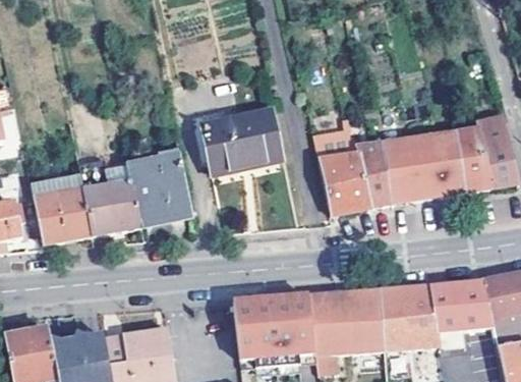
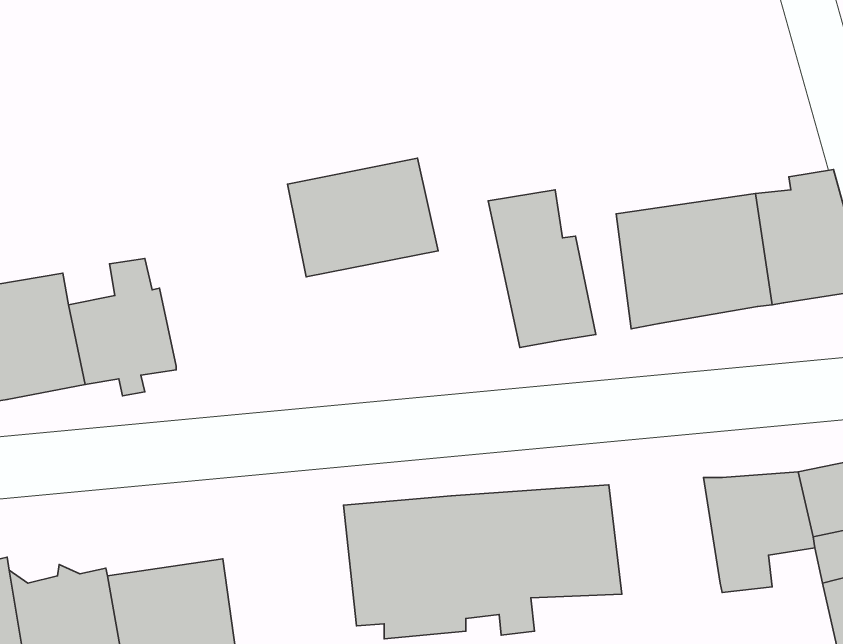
building: [358,140,391,206] -> none
building: [124,154,191,223] -> none
building: [379,284,440,348] -> none

